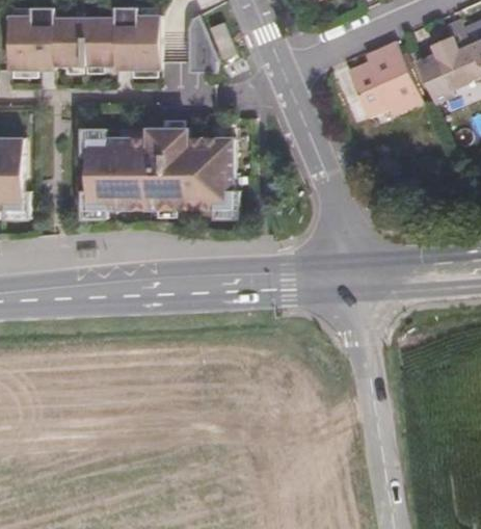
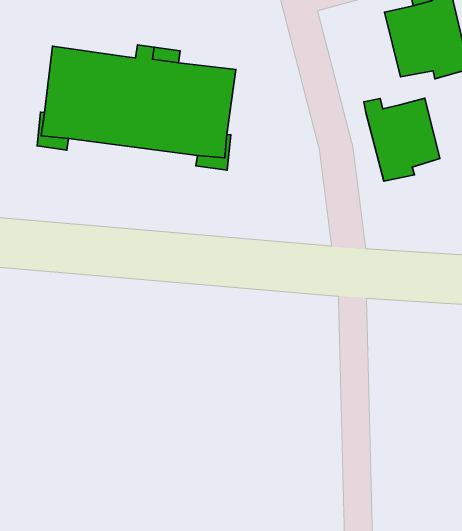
building: none -> [364,98,440,181]

